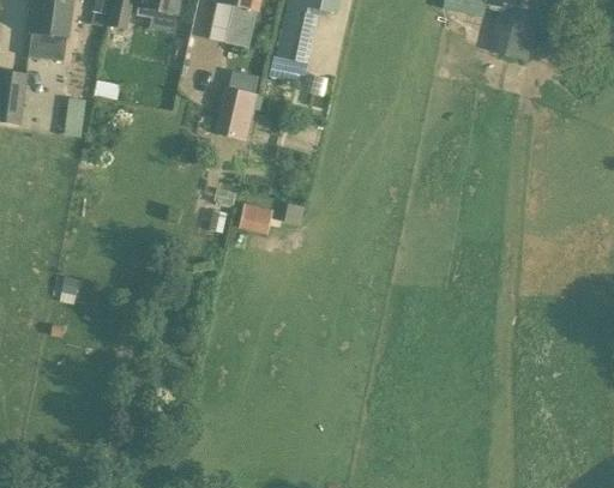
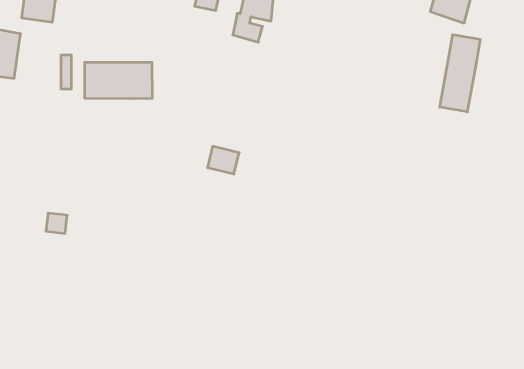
building: none -> [440,35,480,112]
building: [216,85,264,139] -> none
building: none -> [85,62,152,99]

